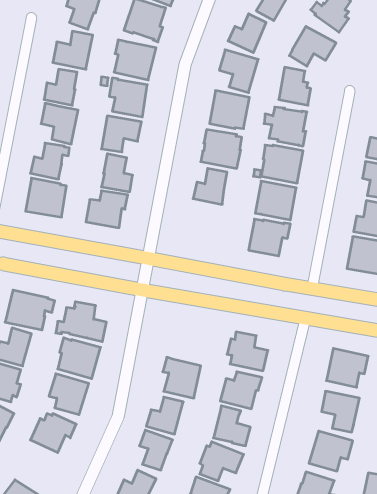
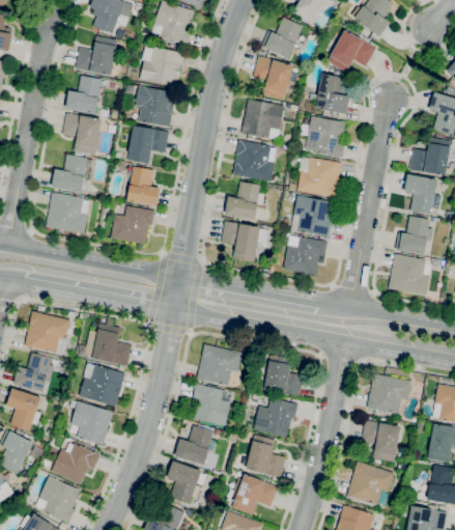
building: none -> [221,221,269,262]
building: none -> [196,343,243,386]
building: none -> [35,475,80,523]

